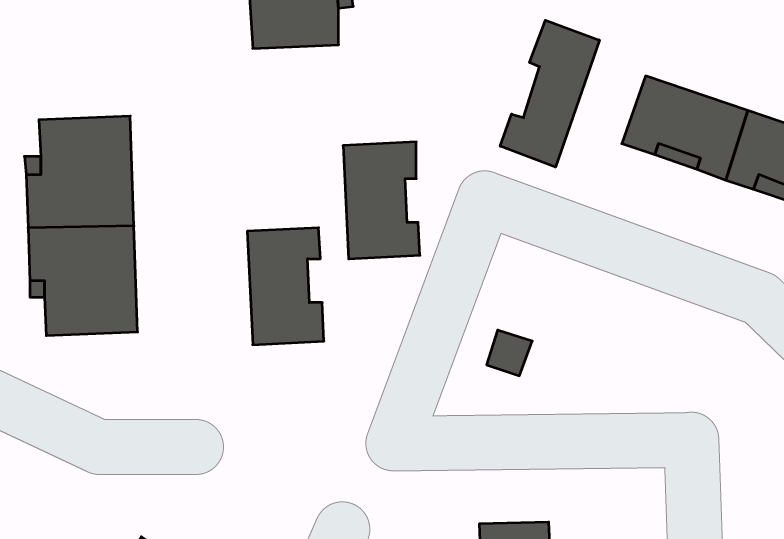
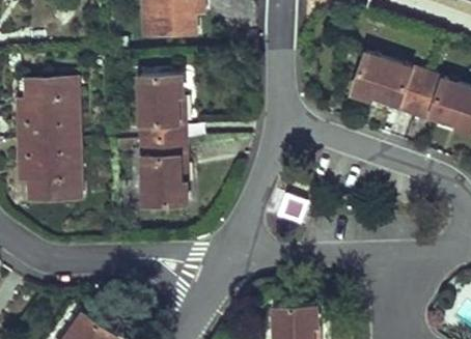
building: [500,20,599,167] -> none
building: [343,142,420,259] -> [139,75,183,141]

